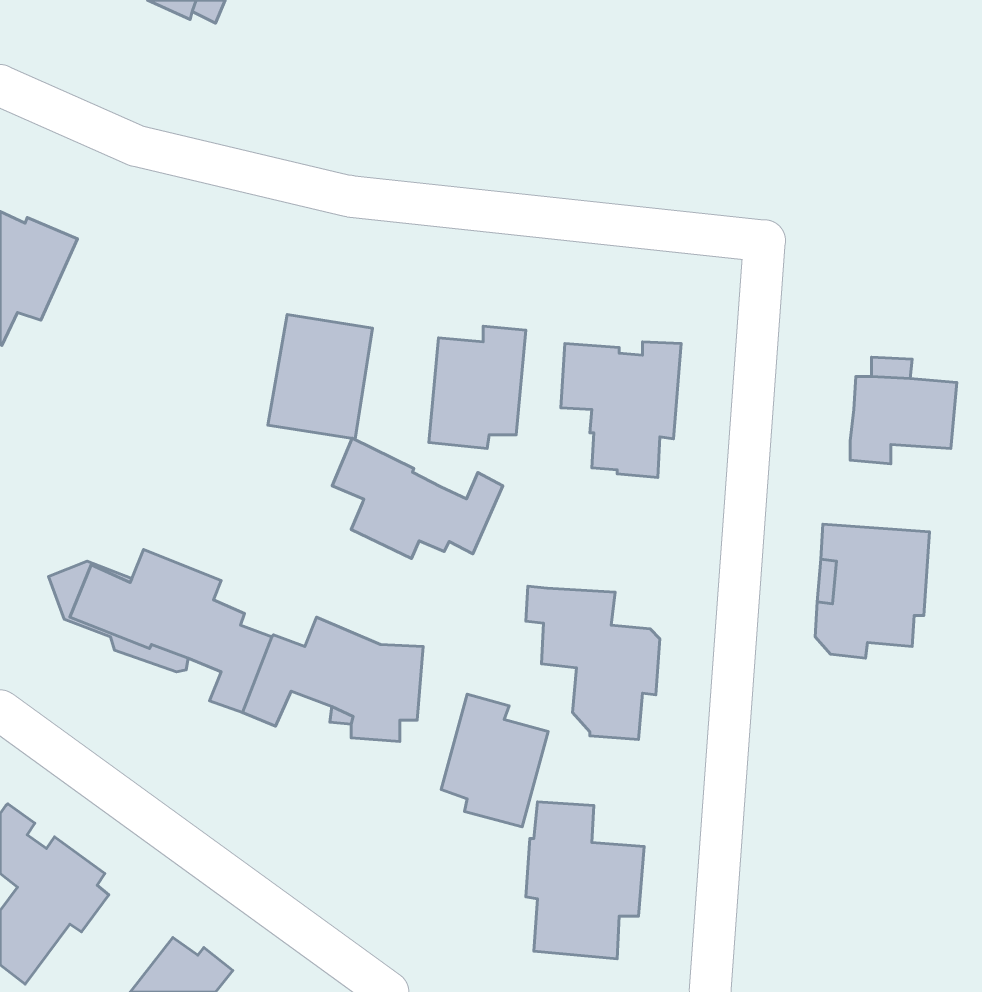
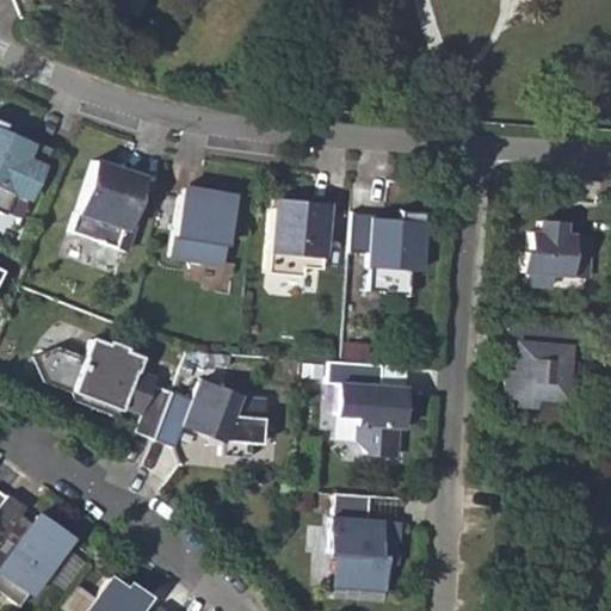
building: none -> [73,161,147,249]
building: [332,438,503,558] -> none
building: [441,694,548,827] -> none

